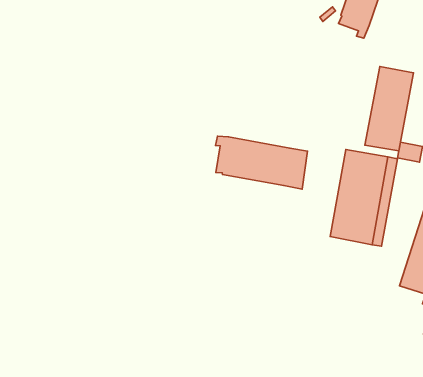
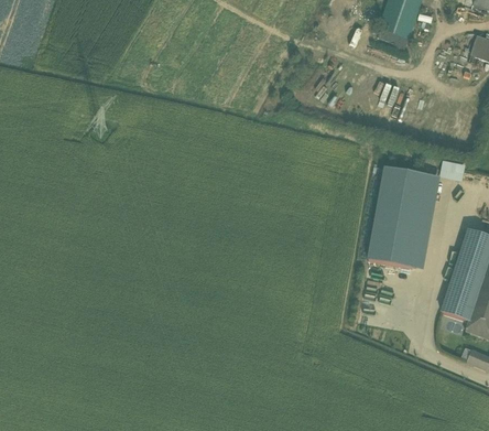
building: [365,66,413,151] -> none
building: [215,136,308,189] -> none

